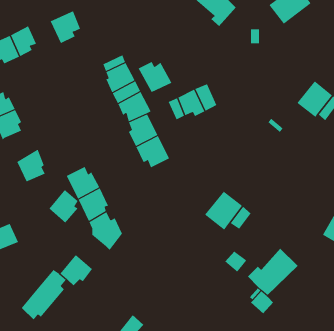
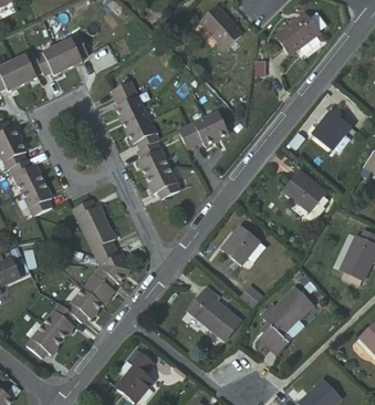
building: none -> [35,49,66,79]
building: [138,61,172,93] -> none
building: none -> [9,160,43,194]
building: none -> [284,169,326,209]
building: [48,189,78,224] -> [82,269,113,304]
building: none -> [183,283,237,336]

